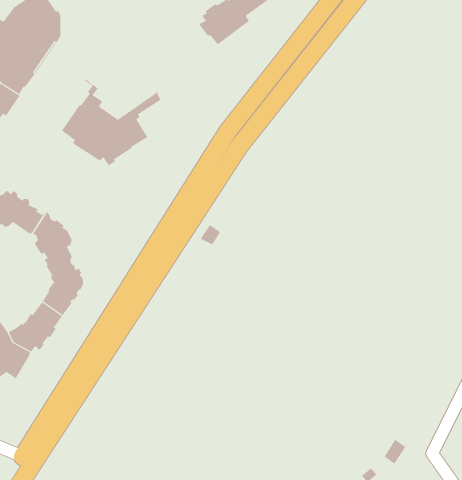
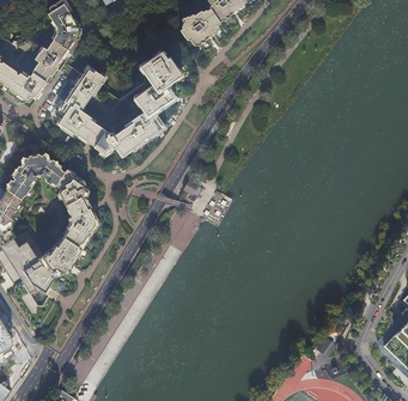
building: none -> [51,53,179,154]

